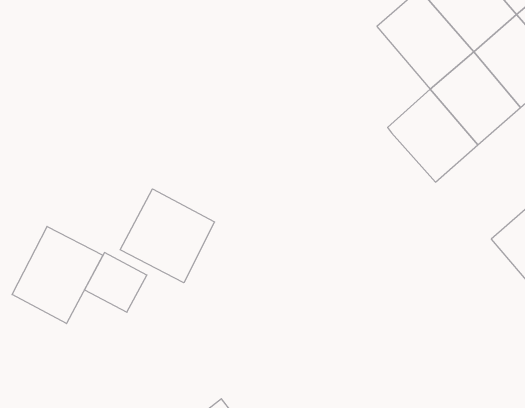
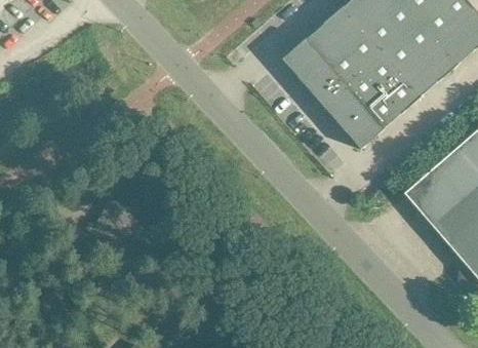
building: none -> [282,28,357,106]
building: [120,189,215,283] -> none
building: [12,226,103,324] -> none

